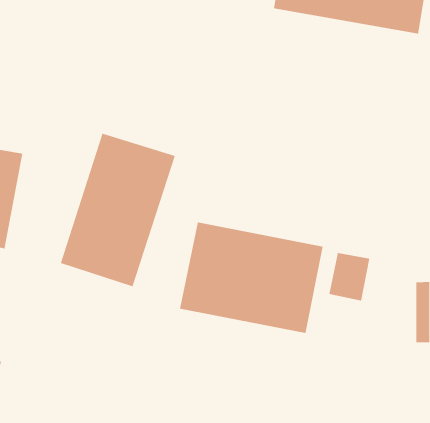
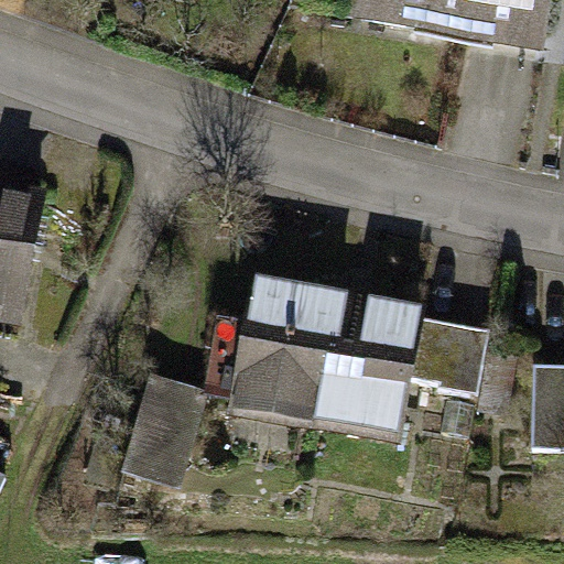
building: [60,133,175,287] -> none
building: none -> [123,369,210,482]

